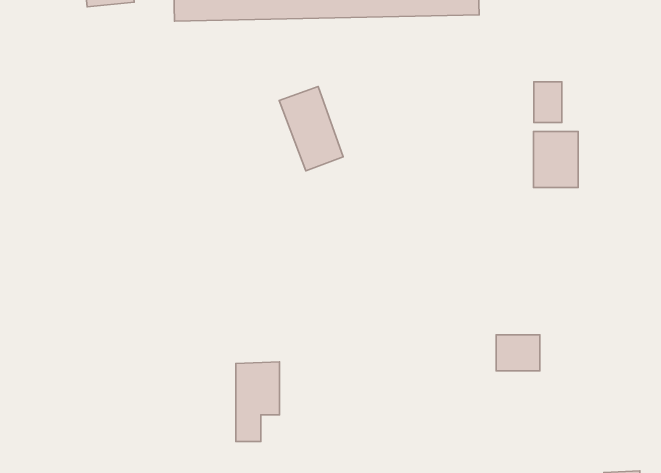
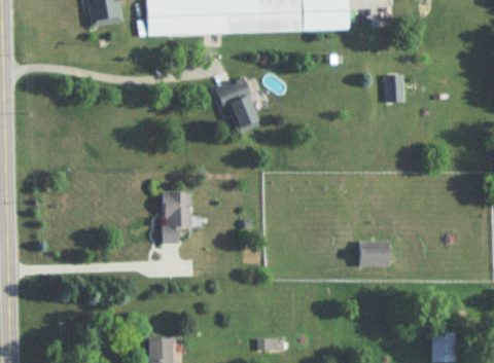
building: [534,131,578,187] -> none
building: [236,362,280,441] -> [163,191,191,244]

